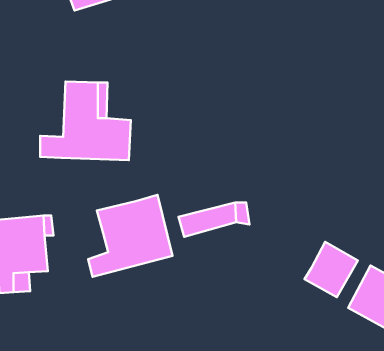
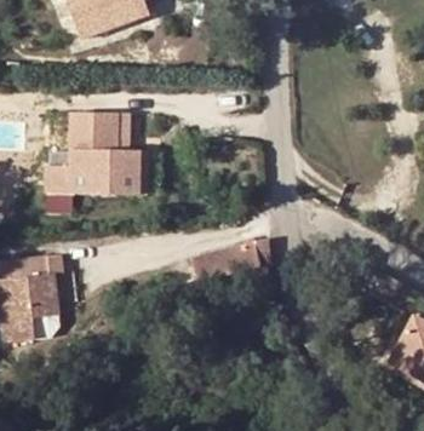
building: [88,195,173,277] -> none
building: [305,242,358,297] -> none

